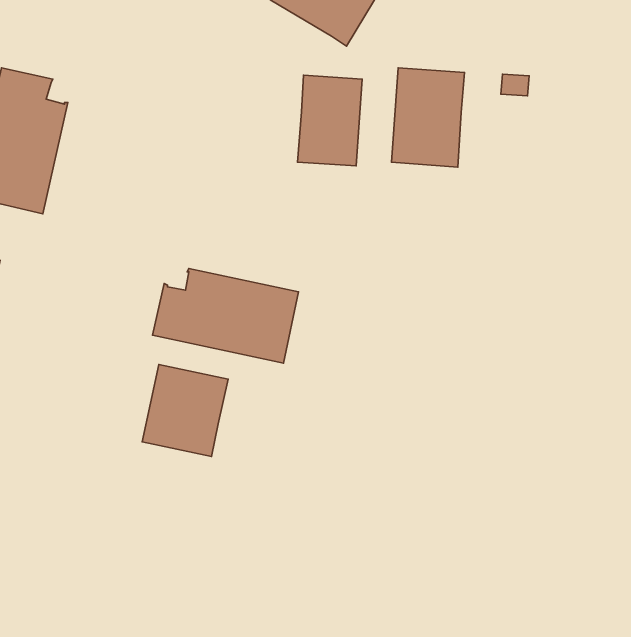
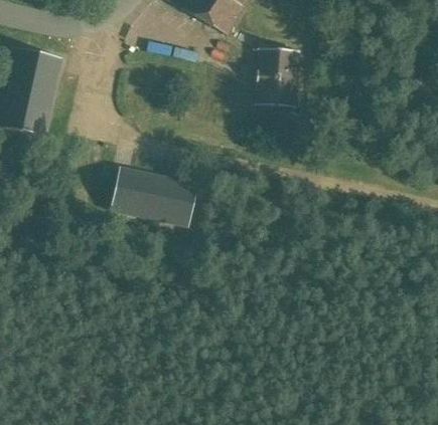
building: [297,75,362,166] -> none
building: [142,364,228,456] -> none

